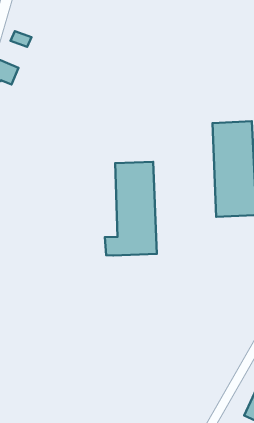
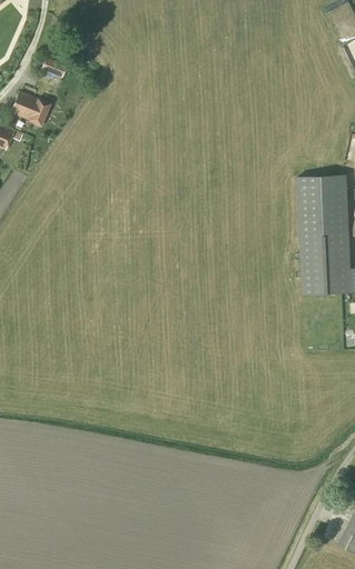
building: [105,162,157,255] -> none

